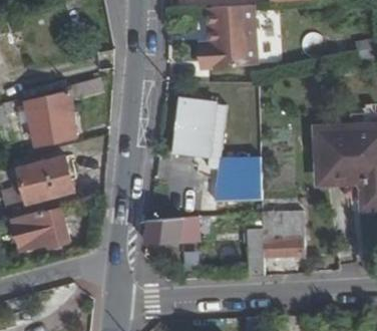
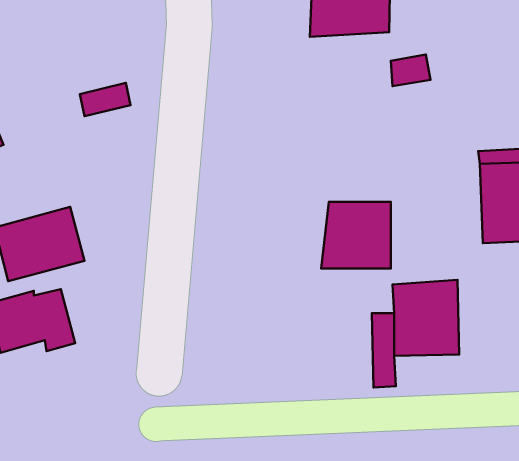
building: [171,87,227,160] -> none
building: [15,103,69,157] -> none
building: [144,223,207,251] -> none

